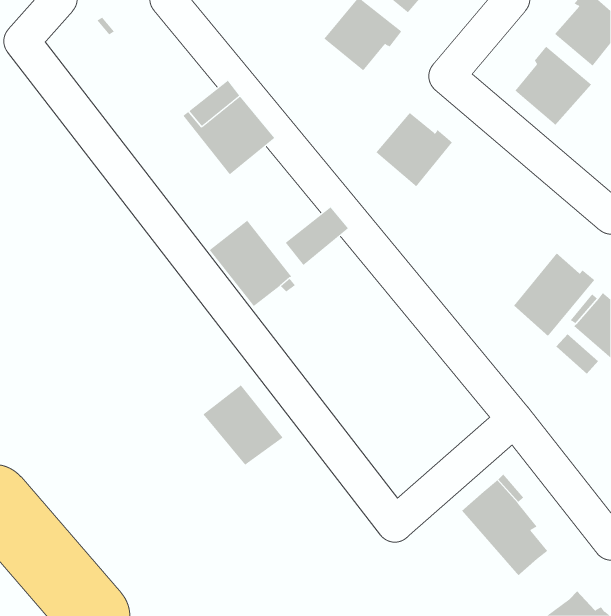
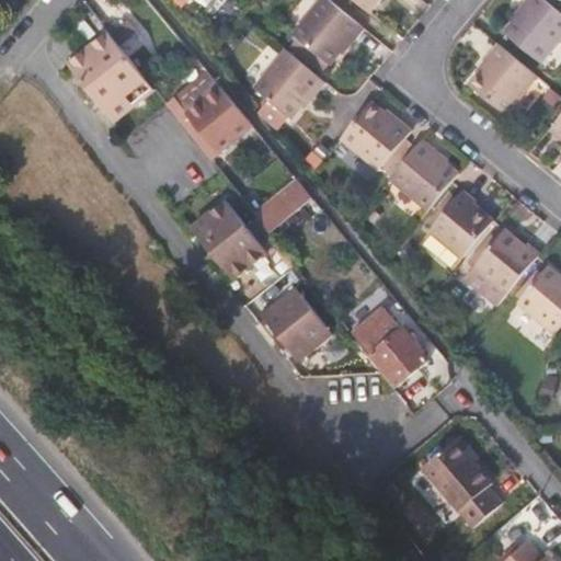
building: none -> [66,32,153,123]
building: none -> [256,48,328,116]
building: none -> [388,138,459,210]
building: none -> [434,190,495,253]
building: none -> [351,308,425,385]
building: [202,384,283,465] -> [257,287,331,360]

